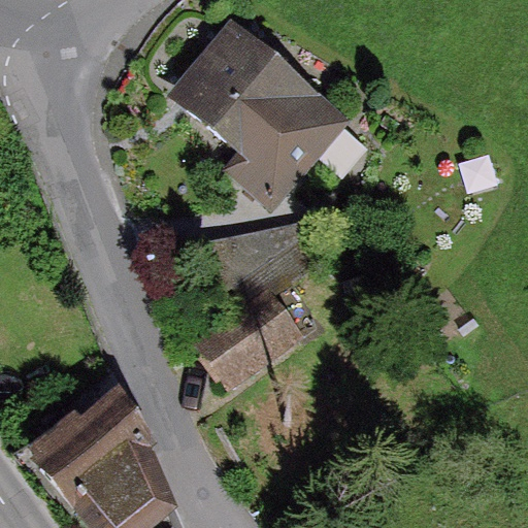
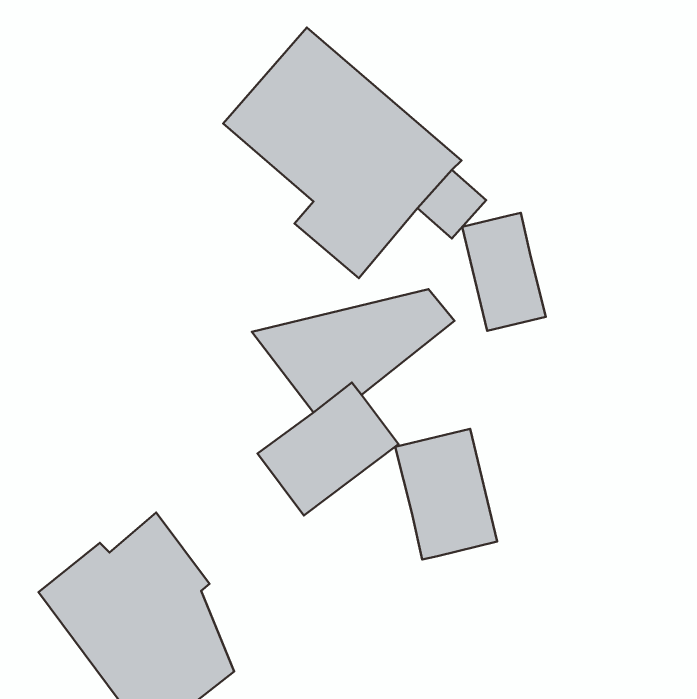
building: none -> [462,213,546,331]
building: none -> [395,429,497,560]

